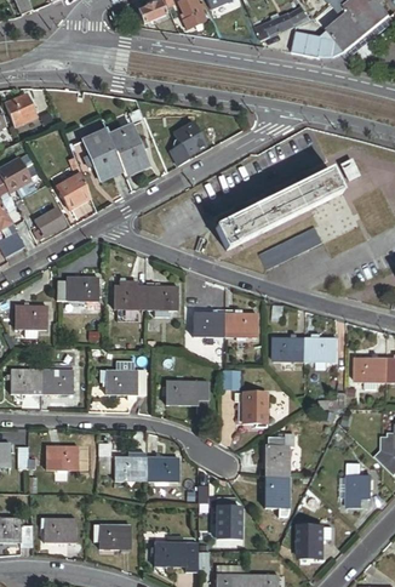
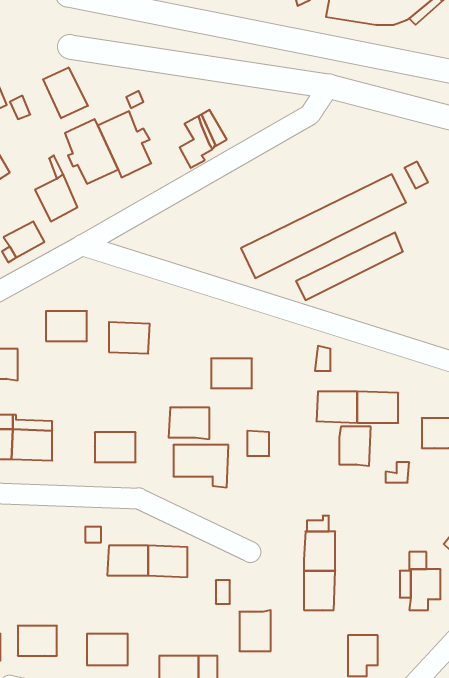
building: none -> [43,67,88,118]
building: [145,286,177,310] -> [169,408,209,439]
building: [225,313,257,337] -> none
building: [242,392,267,422] -> [339,427,371,466]
building: [45,444,76,468] -> none

